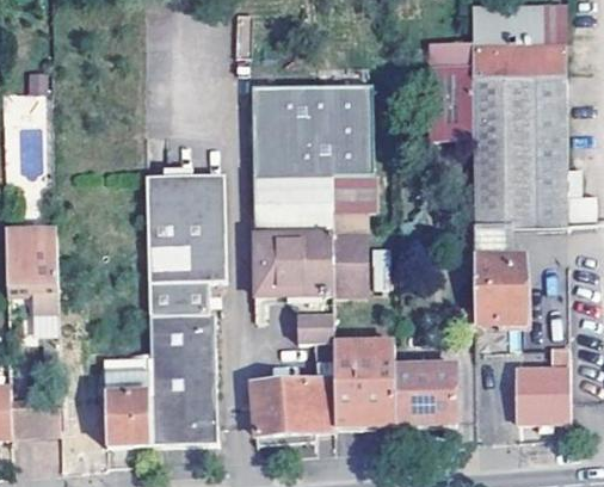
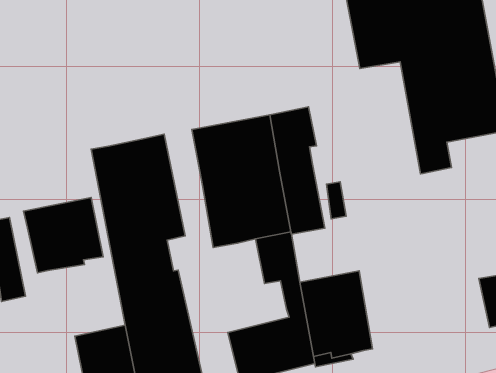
building: [251,84,374,171] -> none
building: none -> [24,198,103,273]
building: [477,253,526,320] -> none
building: [396,365,458,424] -> none

